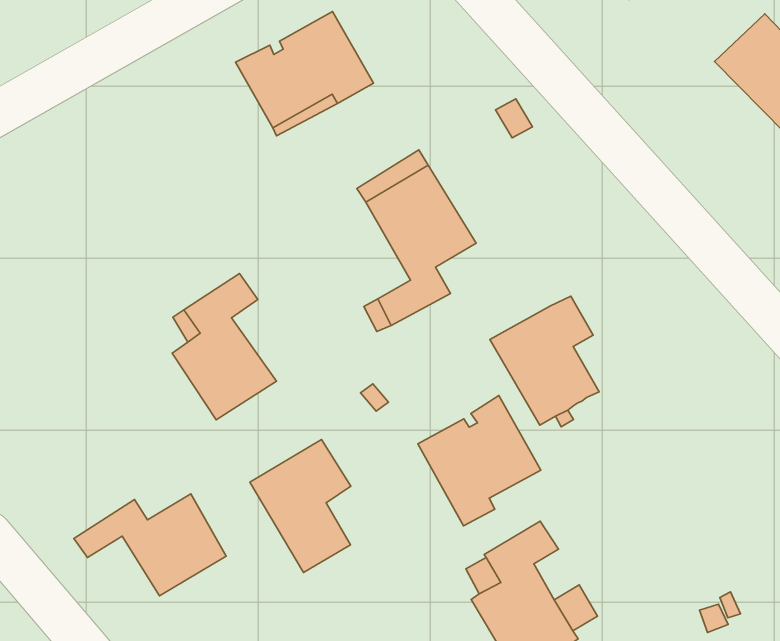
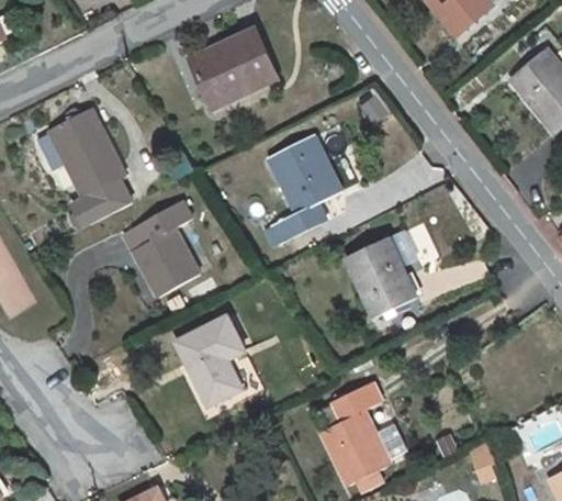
building: none -> [35,107,130,226]
building: [418,396,541,526] -> none
building: [74,494,226,596] -> none

